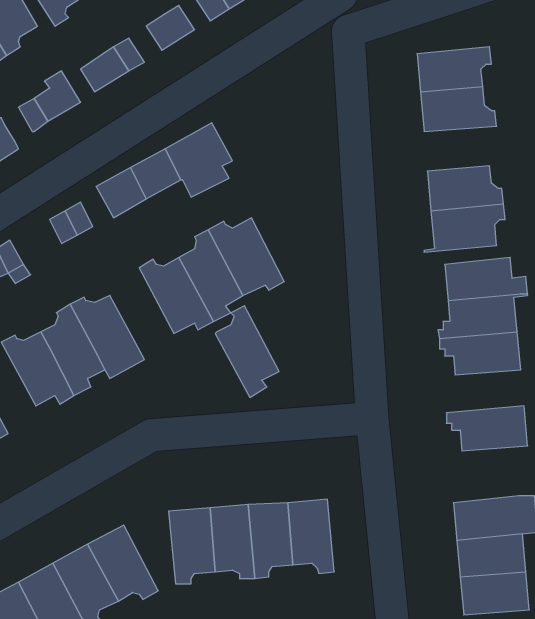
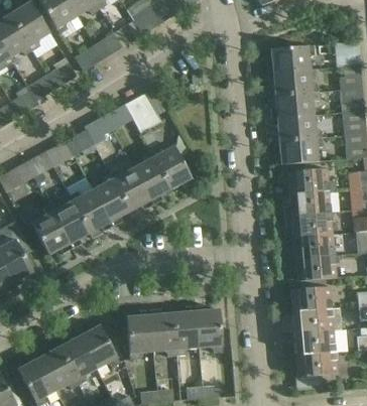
building: none -> [275,91,318,117]
building: [215,306,279,397] -> [92,173,129,227]
building: none -> [287,233,334,258]
building: none -> [290,285,331,310]

